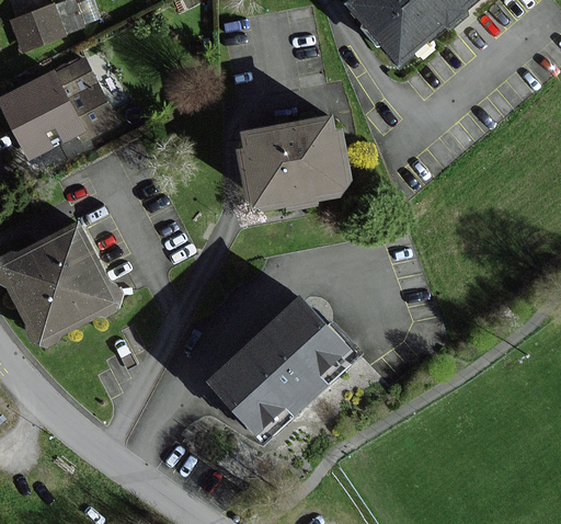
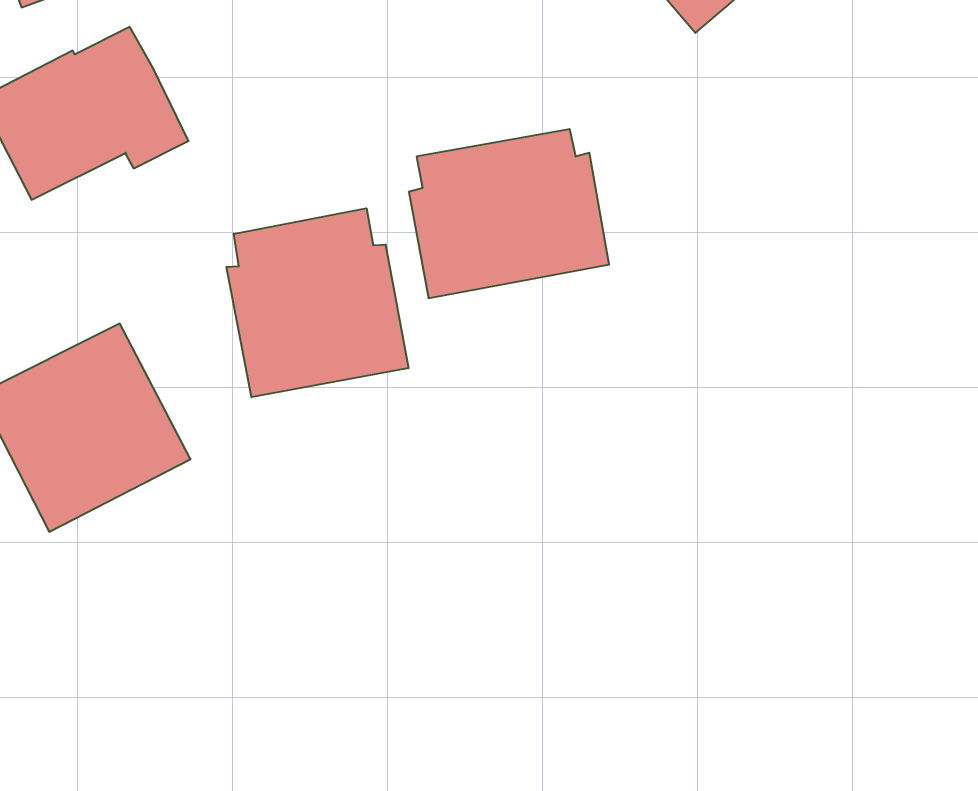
building: none -> [227,208,408,397]
building: [208,300,345,434] -> none

